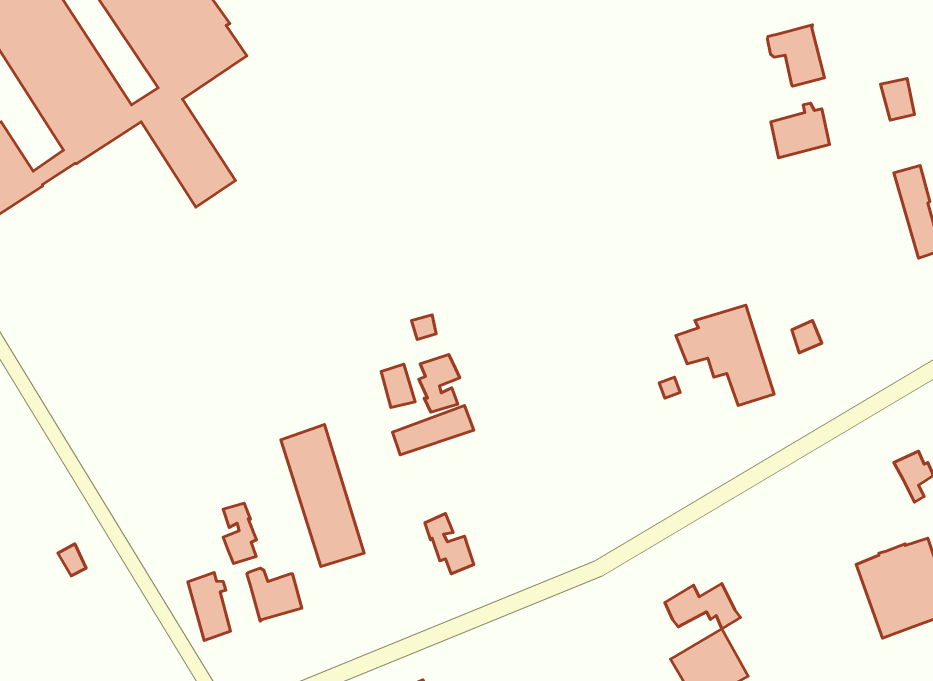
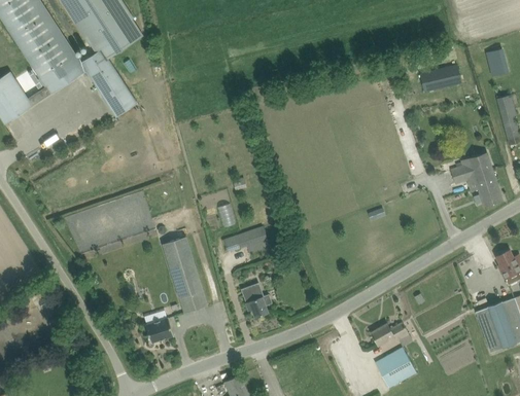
building: [767,25,825,86] -> none
building: [676,305,774,406] -> [449,152,502,207]
building: [419,354,460,412] -> none
building: [223,503,256,564] -> none
building: [188,573,231,641] -> none

